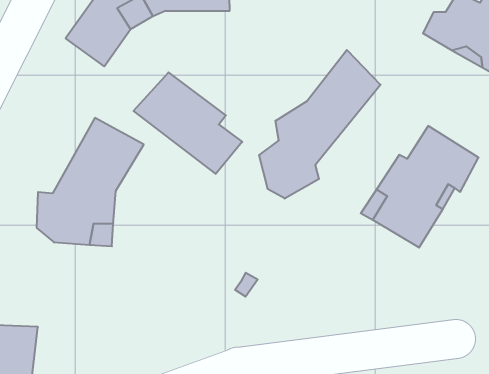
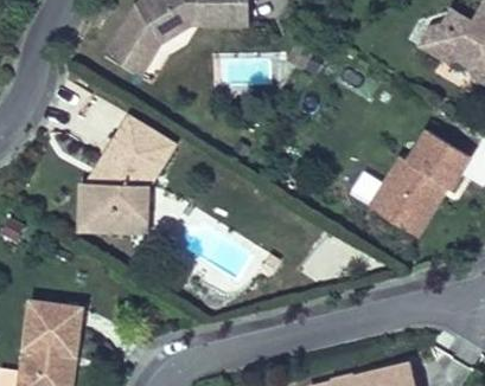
building: [259,50,381,199] -> none
building: [134,72,242,174] -> none

